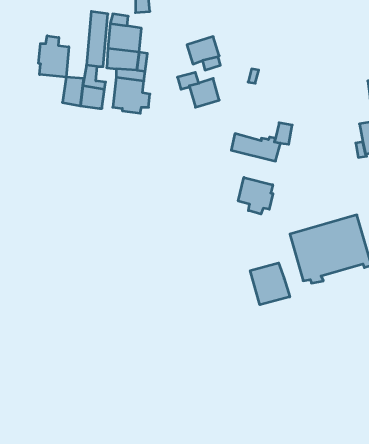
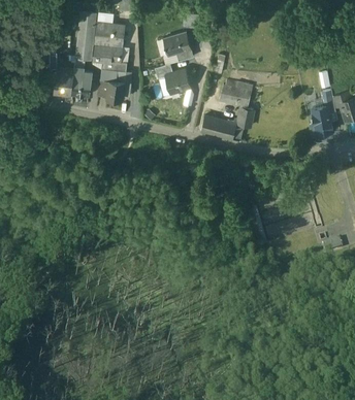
building: [39,36,69,77] -> none
building: none -> [219,85,251,106]
building: [238,177,273,214] -> none
building: [250,263,290,305] -> none

